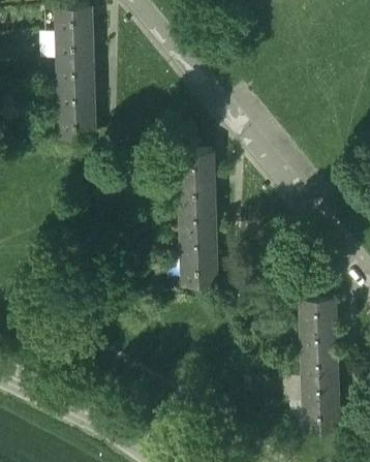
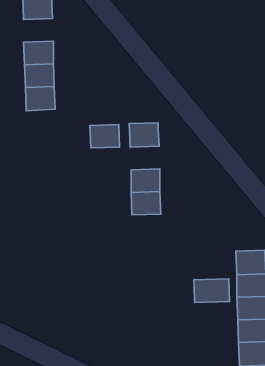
building: [58,34,92,61] -> none
building: [180,180,214,207] -> [90,124,120,148]
building: [182,257,216,285] -> none
building: none -> [194,279,229,303]

